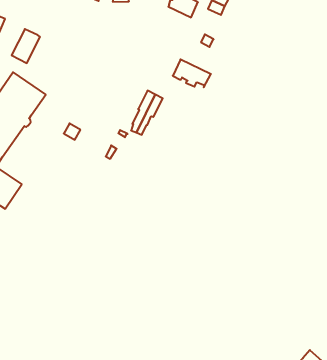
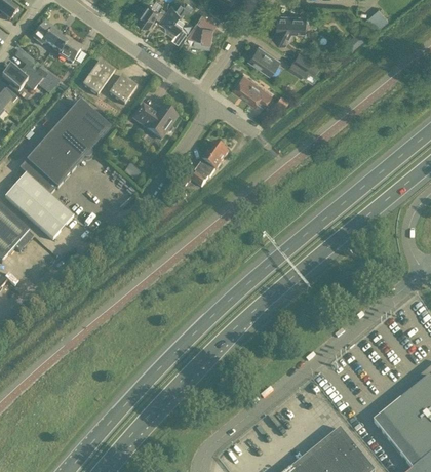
building: none -> [107,75,135,104]
building: [173,59,211,87] -> [232,73,271,105]
building: none -> [131,104,175,139]

